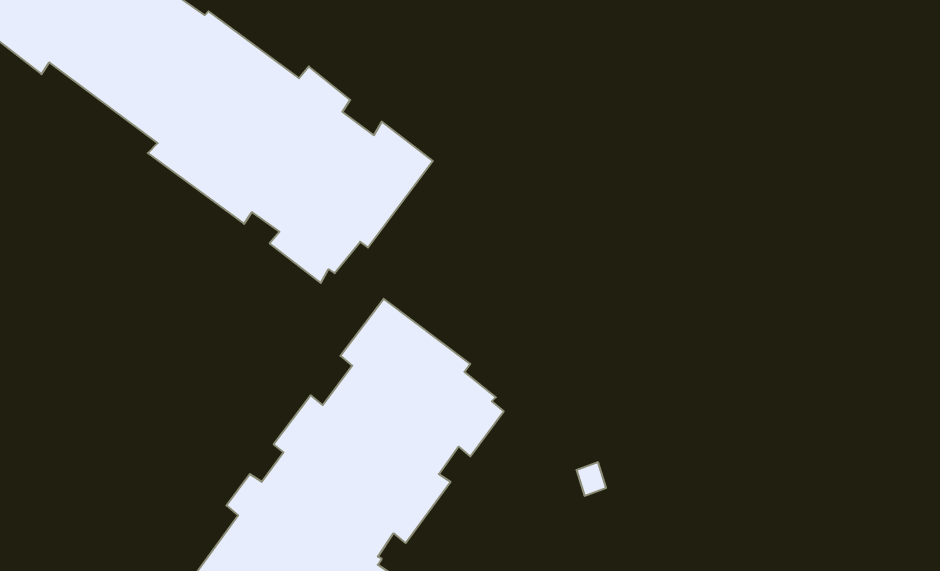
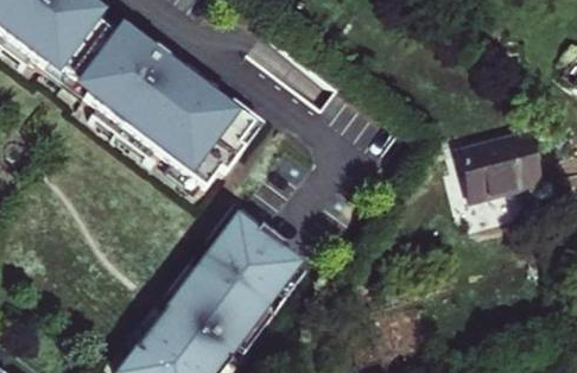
building: none -> [461,129,541,195]

